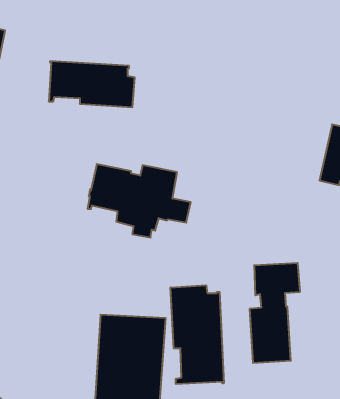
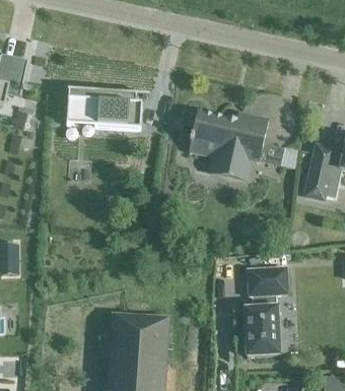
building: [88,164,191,238] -> [189,113,280,178]
building: [171,285,224,384] -> none

